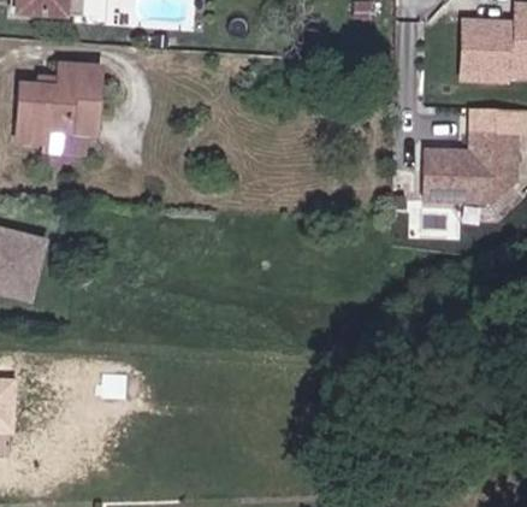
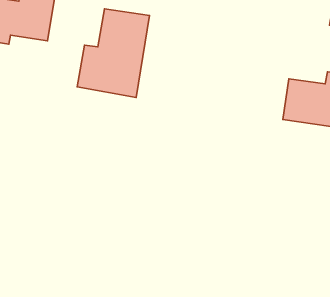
building: none -> [77,9,150,98]

